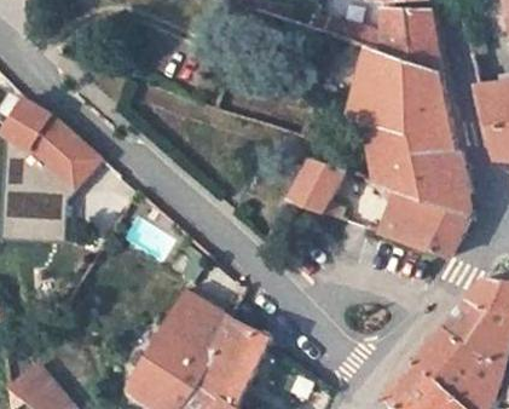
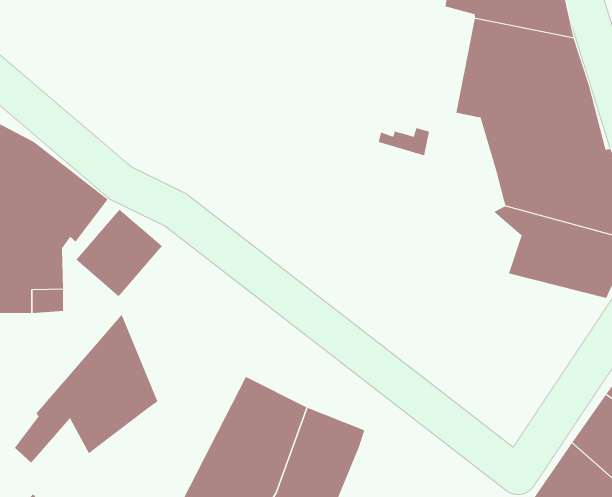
building: [287,157,345,212] -> none
building: none -> [14,314,158,463]

